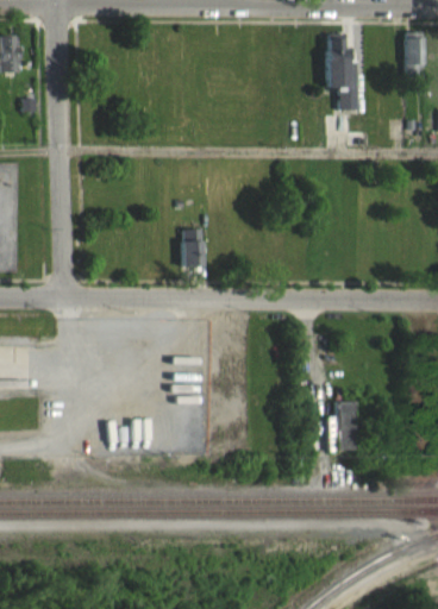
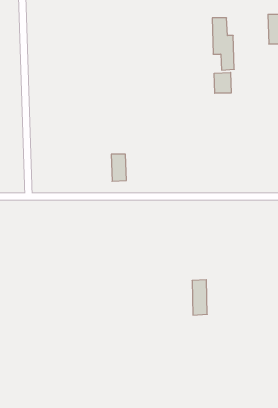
building: none -> [214,72,231,93]
building: [336,401,357,451] -> [192,280,207,315]

